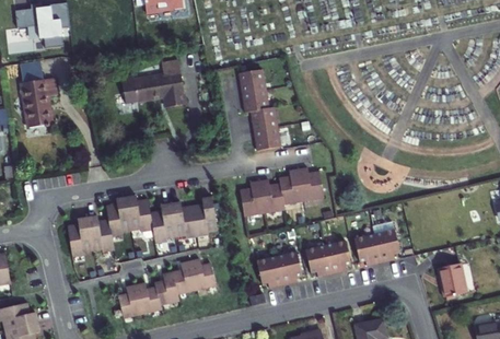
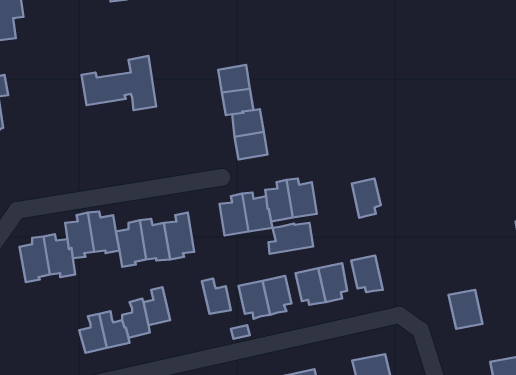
building: none -> [268,223,313,254]
building: [374,230,399,264] -> [352,179,381,218]
building: [190,259,216,290] -> [202,279,231,314]

